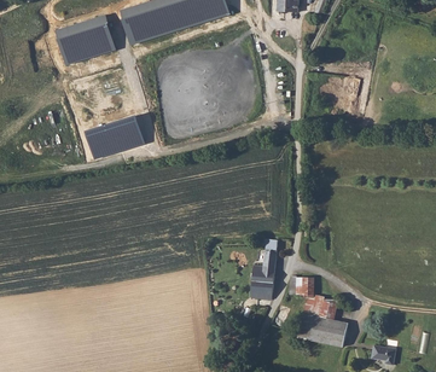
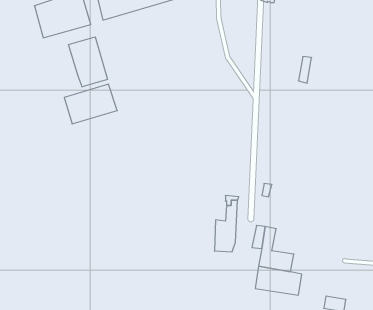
building: none -> [68,37,108,87]

